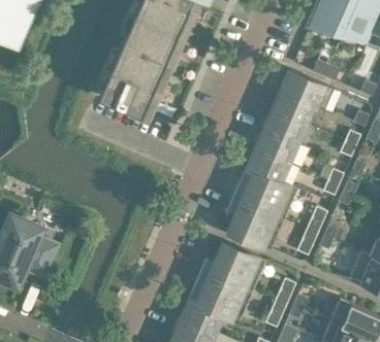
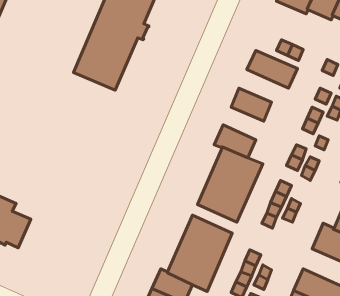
building: [273,91,315,125] -> none
building: [256,130,298,164] -> none

